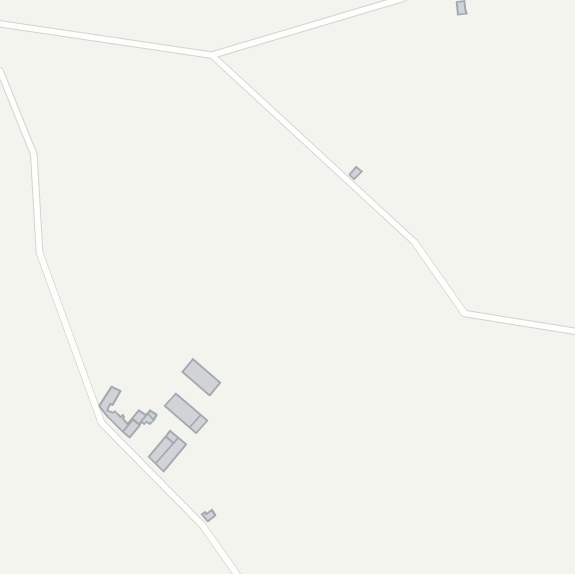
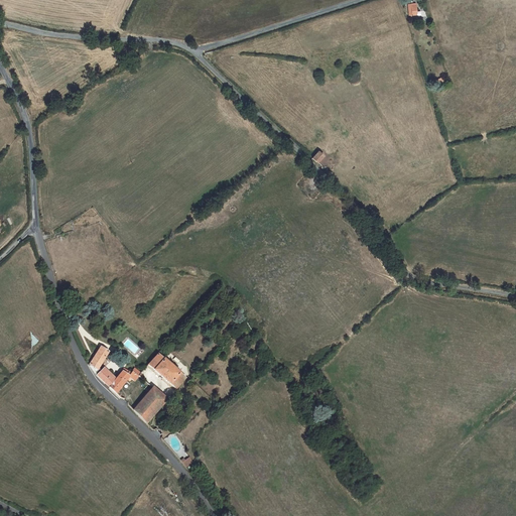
building: [182,359,220,395] -> none

